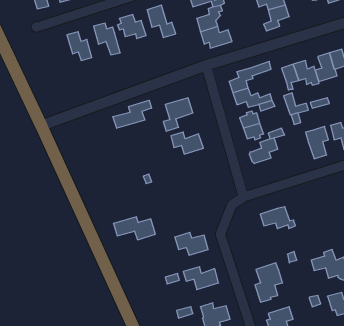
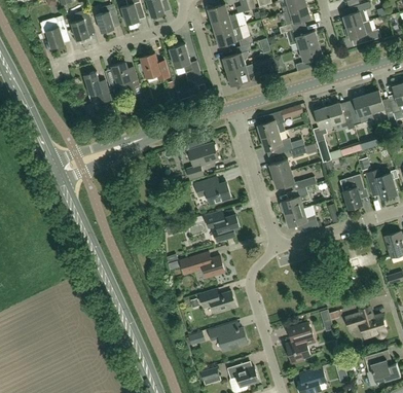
building: [113,100,152,128] -> none
building: none -> [204,211,239,242]
building: [260,207,295,229] -> [284,206,322,229]
building: [113,217,155,240] -> [179,253,224,278]

